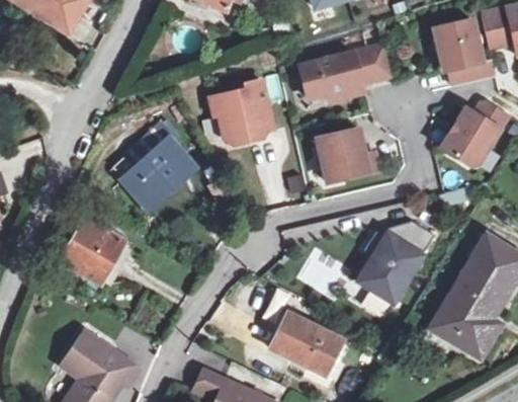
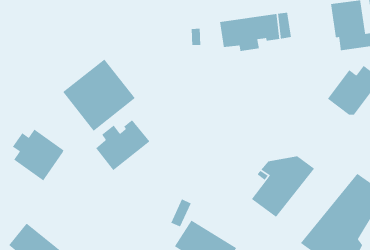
building: [208,81,272,145] -> none
building: [316,129,378,182] -> none
building: none -> [95,119,150,171]

